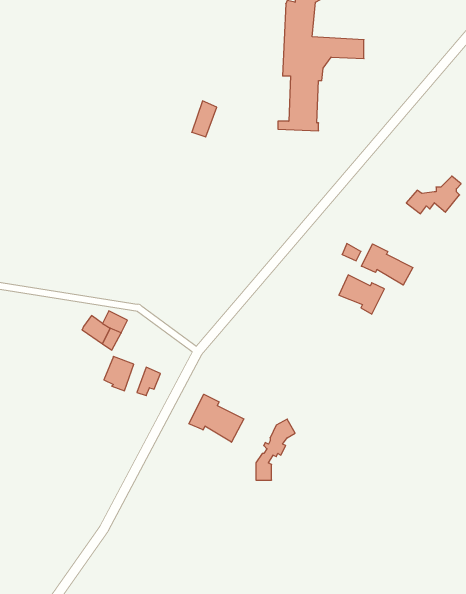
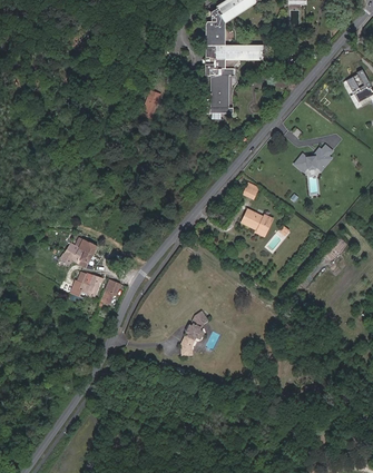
building: [361,244,413,285] -> none
building: [189,394,244,442] -> none

